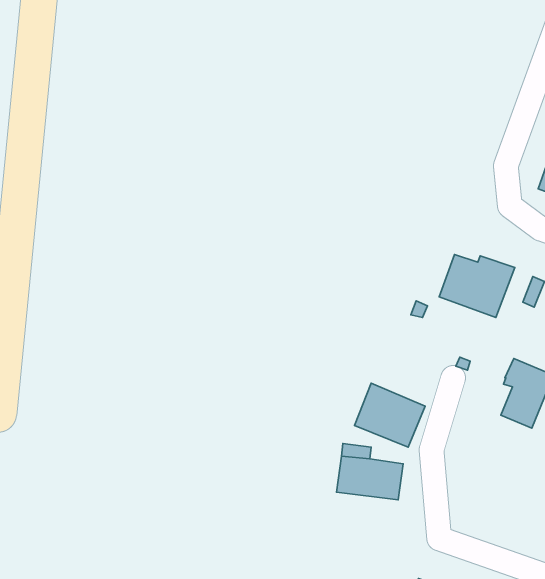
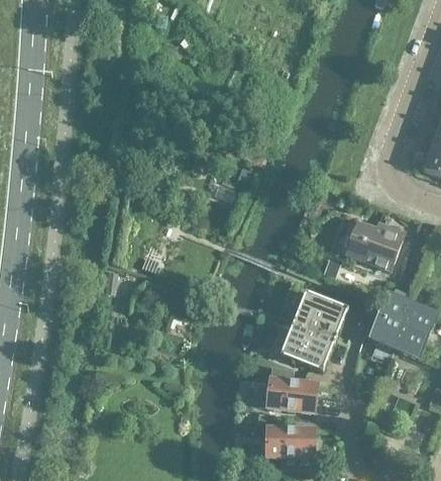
building: none -> [293,291,347,340]
building: none -> [371,296,405,347]
building: none -> [265,428,315,458]

